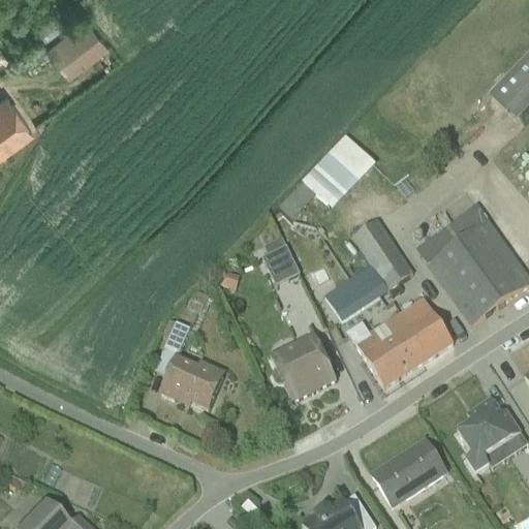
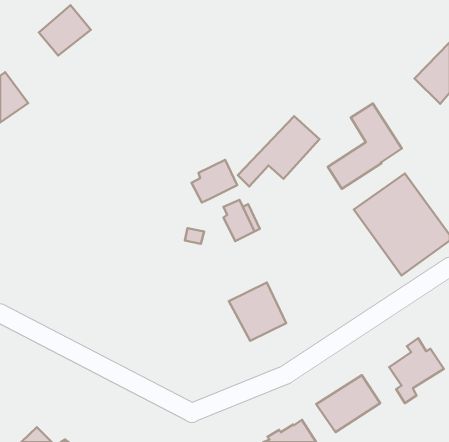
building: none -> [191,160,237,203]
building: [326,218,413,318] -> [328,103,402,189]
building: [354,295,453,387] -> none
building: [155,318,223,407] -> none

